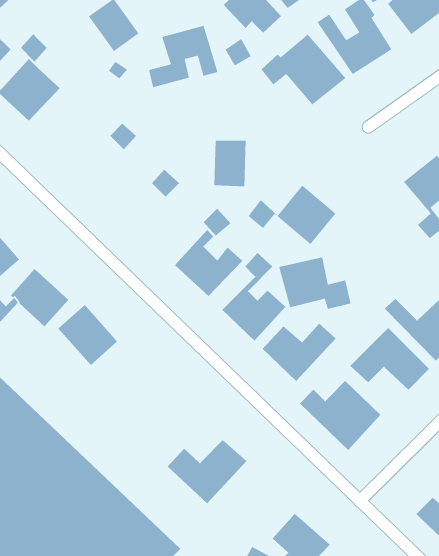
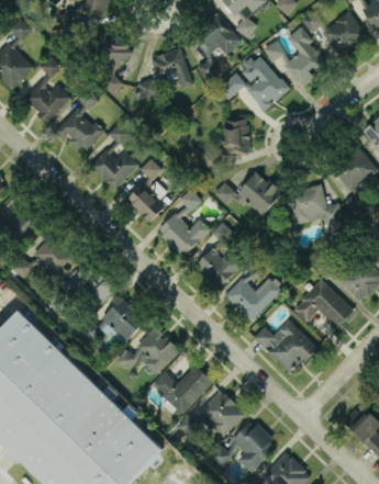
building: none -> [52,90,103,153]
building: [213,140,247,187] -> [224,117,249,154]
building: none -> [90,149,140,189]
building: none -> [127,190,165,222]
building: [278,256,351,310] -> [288,184,344,225]
building: none -> [87,299,145,344]
building: none -> [116,326,181,374]
building: none -> [179,390,245,438]

